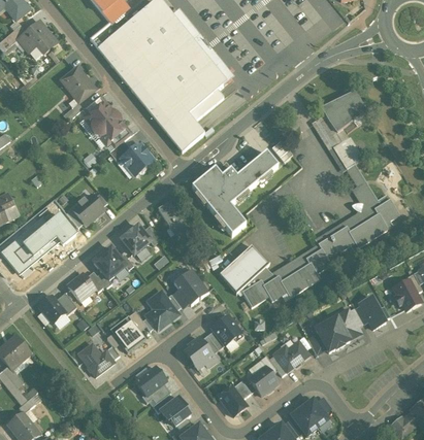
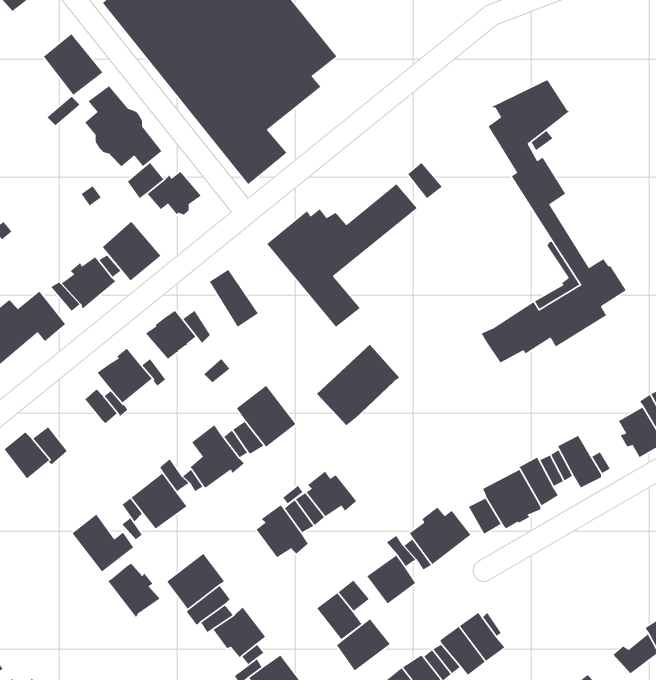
building: none -> [102,221,162,281]
building: [242,243,330,305] -> none
building: [67,272,95,300] -> none
building: none -> [107,563,160,619]
building: none -> [336,618,391,671]

